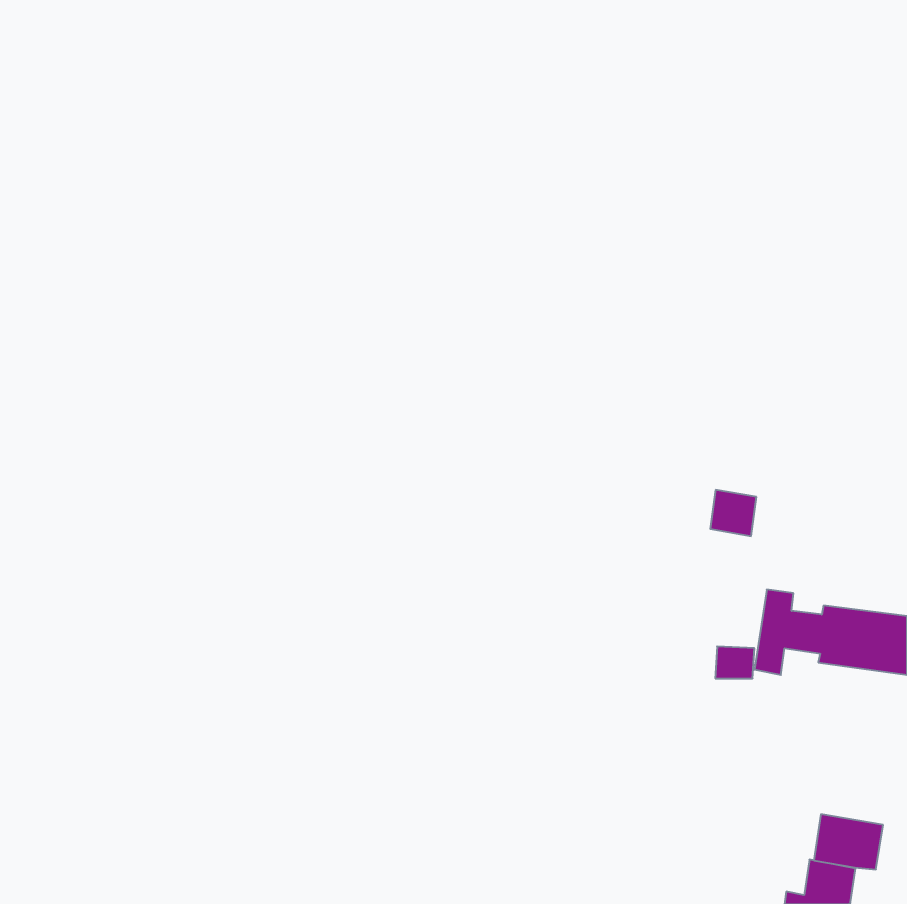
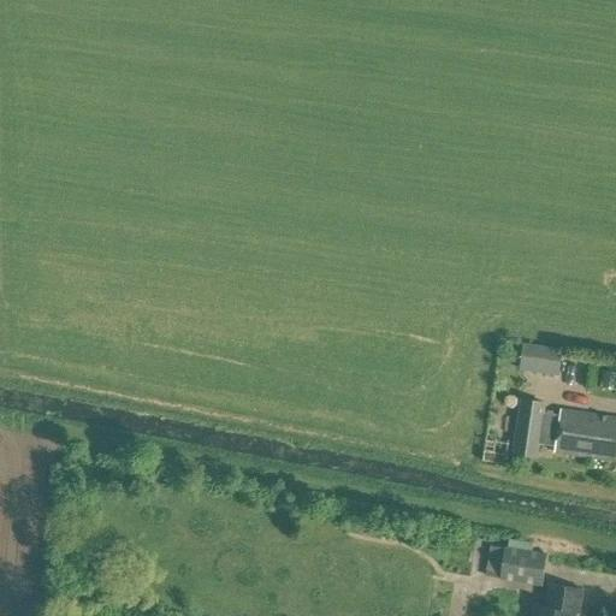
building: [710,490,756,536] -> [532,344,563,375]
building: [814,814,883,869] -> [500,547,547,585]

